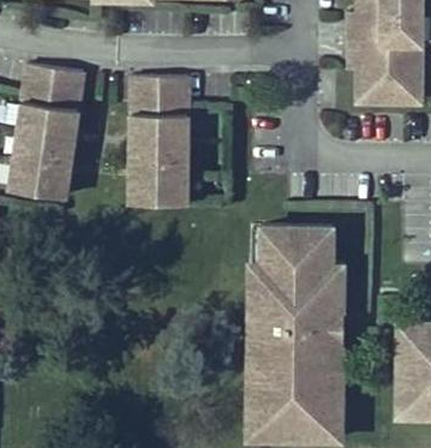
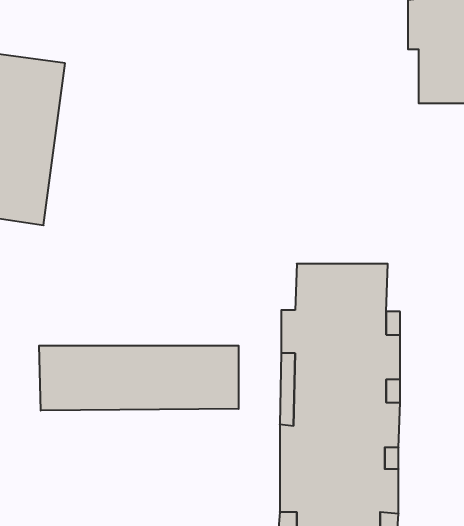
building: [131,77,187,203] -> none
building: none -> [39,346,239,411]

